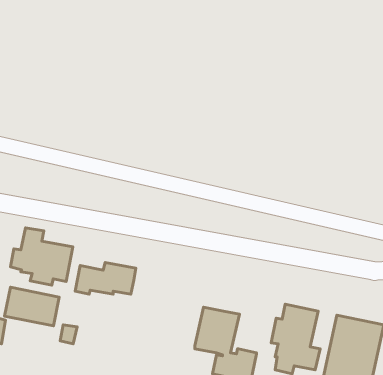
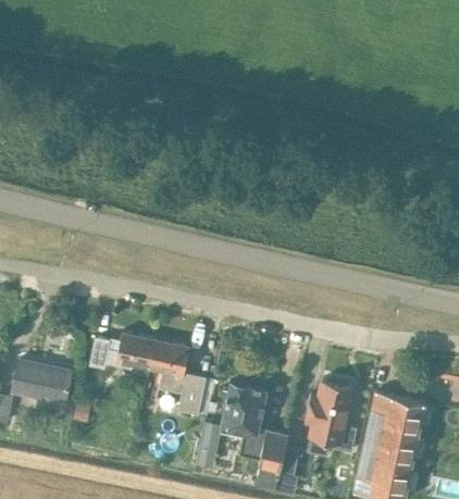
building: [11,228,73,285] -> none
building: none -> [150,340,213,416]

